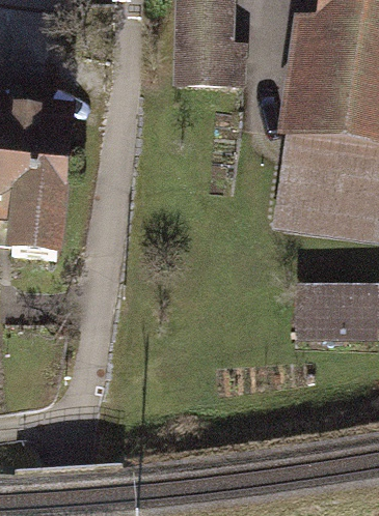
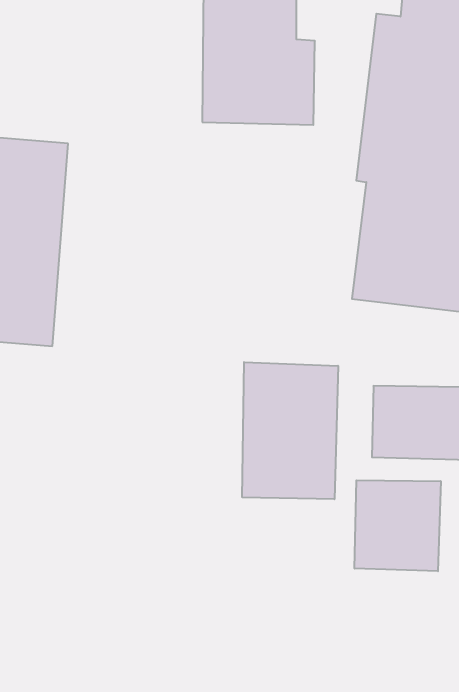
building: none -> [242,362,338,499]
building: none -> [355,480,441,571]

